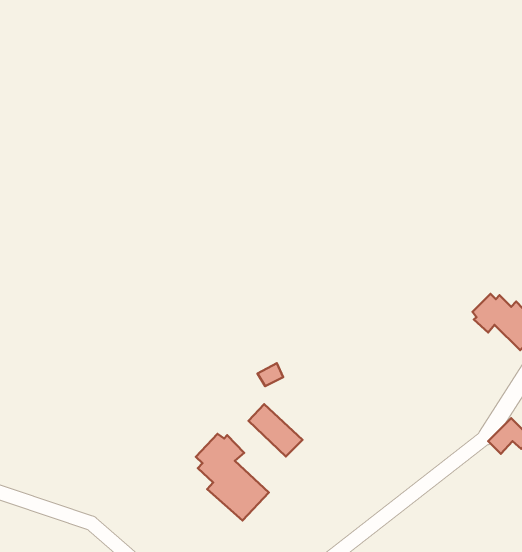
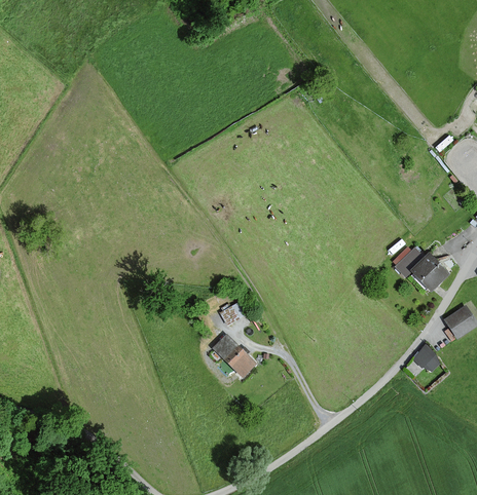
building: [196,434,269,521] -> none

